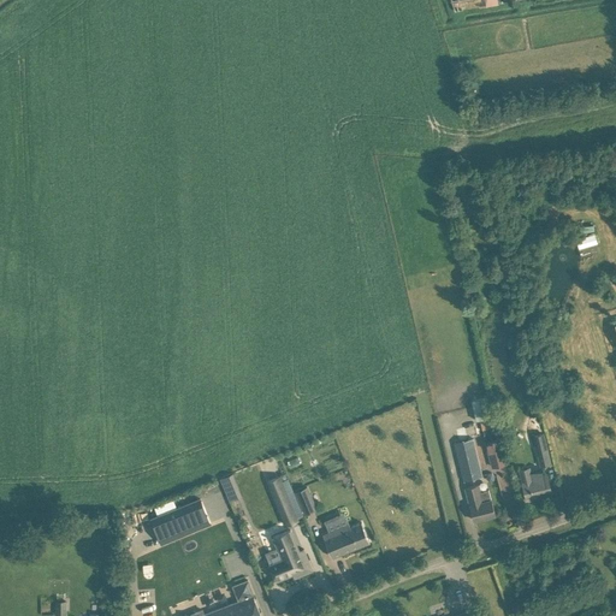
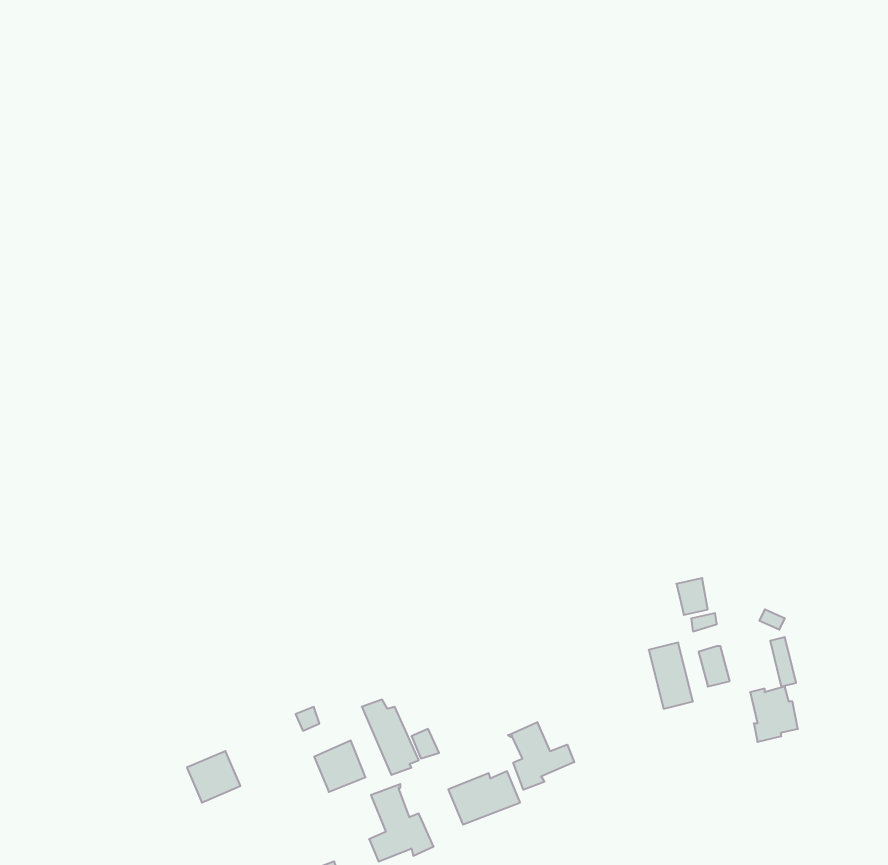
building: [464,485,494,521] -> none
building: none -> [508,722,574,790]
building: [176,498,209,532] -> [314,740,366,792]

